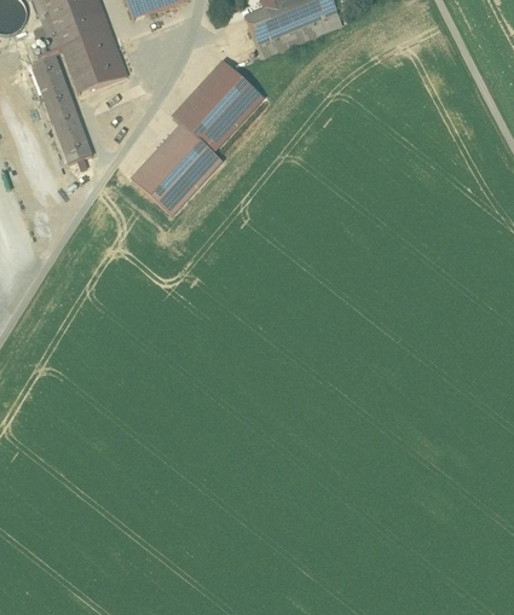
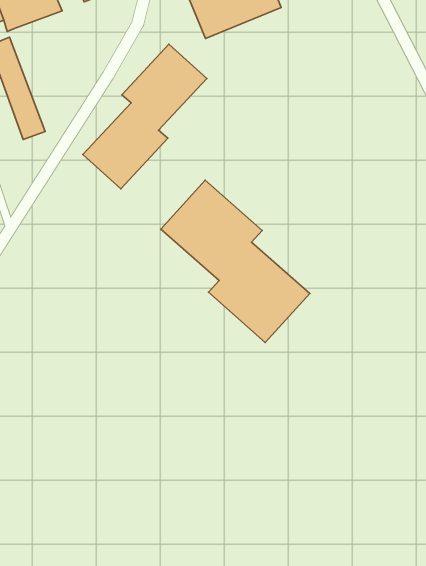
building: [59,25,126,91] -> none
building: none -> [161,180,310,342]

